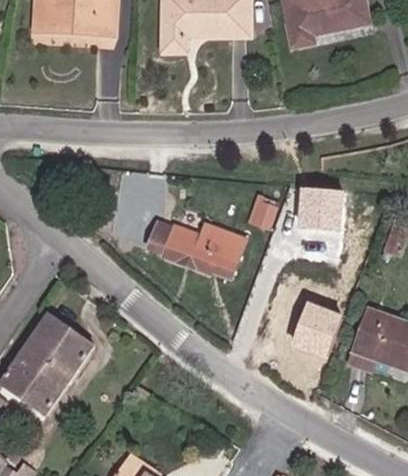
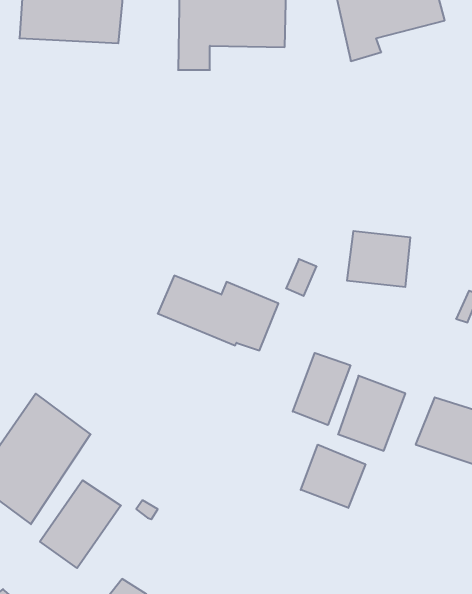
building: none -> [293,353,350,425]
building: none -> [301,445,365,508]
building: none -> [40,480,121,568]

